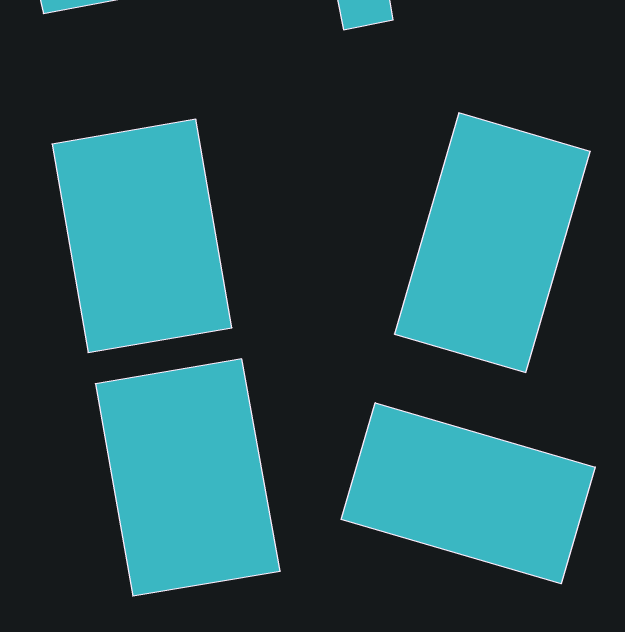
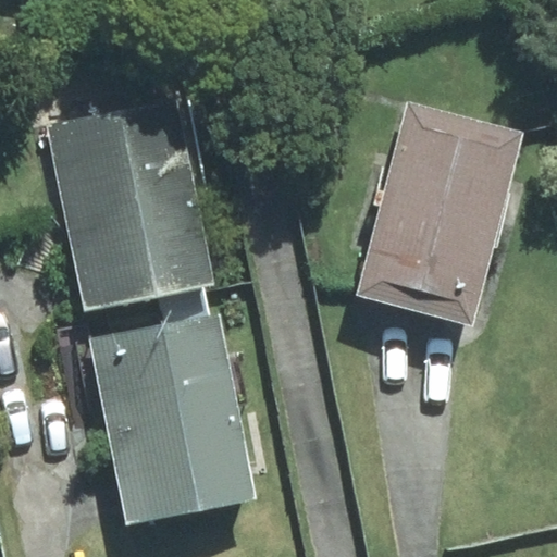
building: [341,403,595,584] -> none

